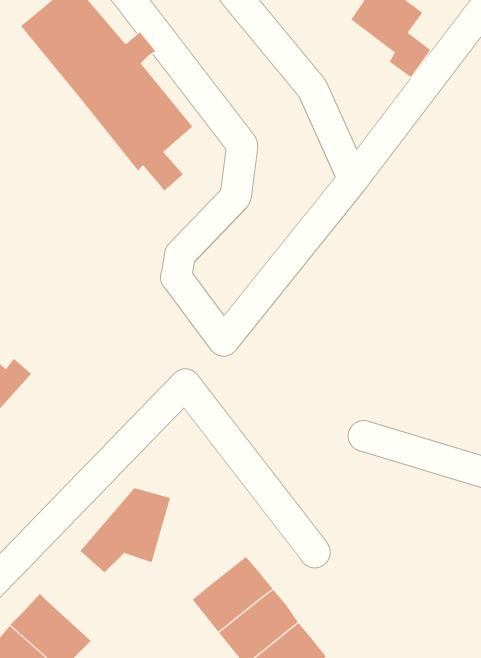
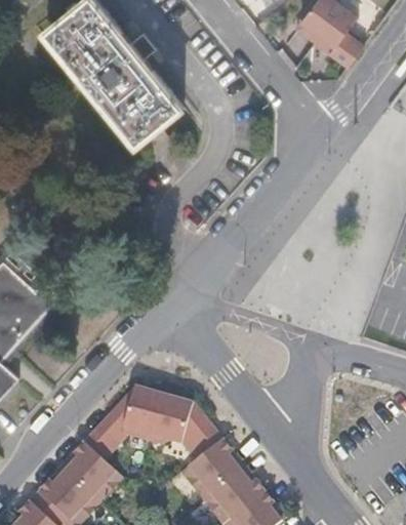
building: none -> [149,394,221,462]
building: none -> [62,435,122,504]

